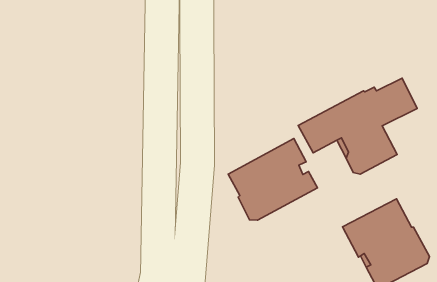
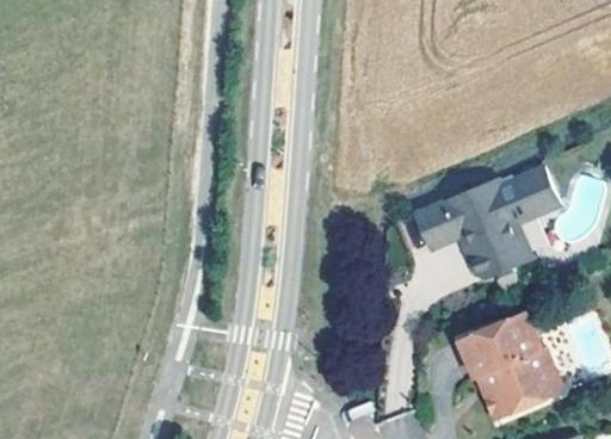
building: [228,139,317,220] -> none

